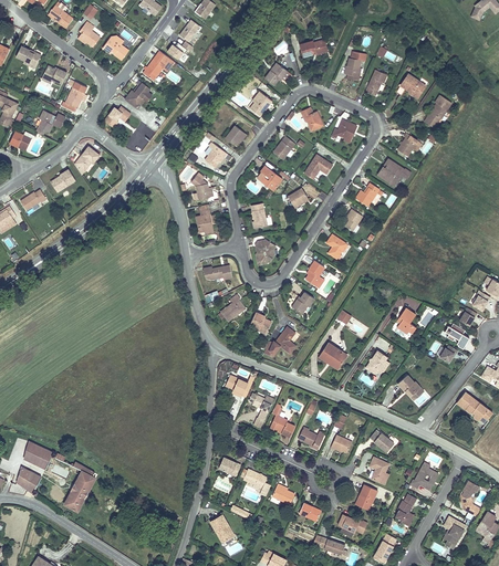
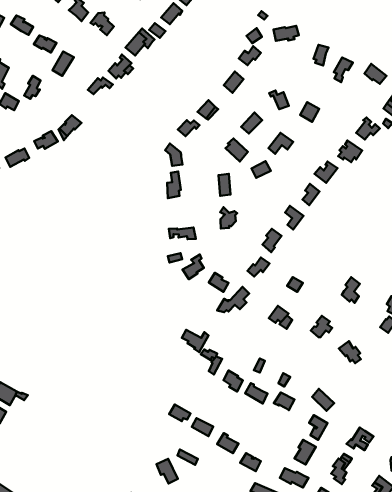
building: [63,463,92,512] -> none

